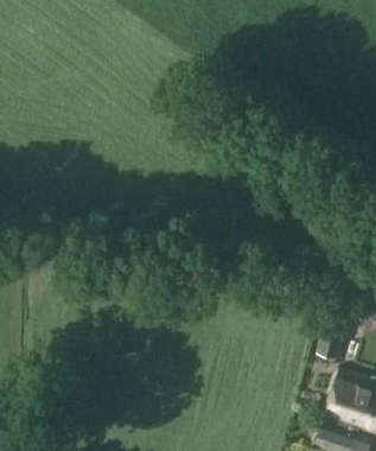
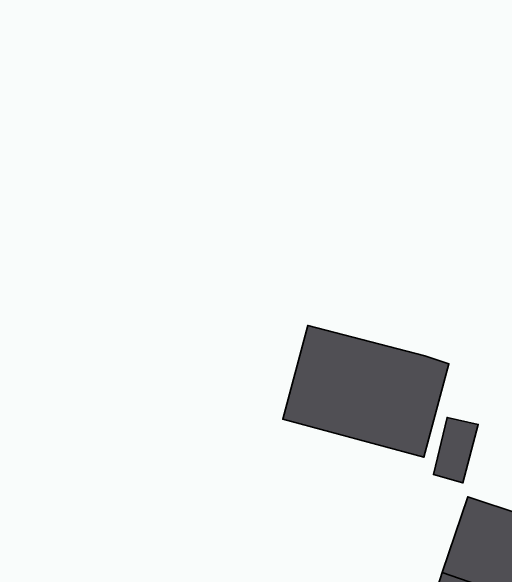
building: none -> [283,325,449,457]

